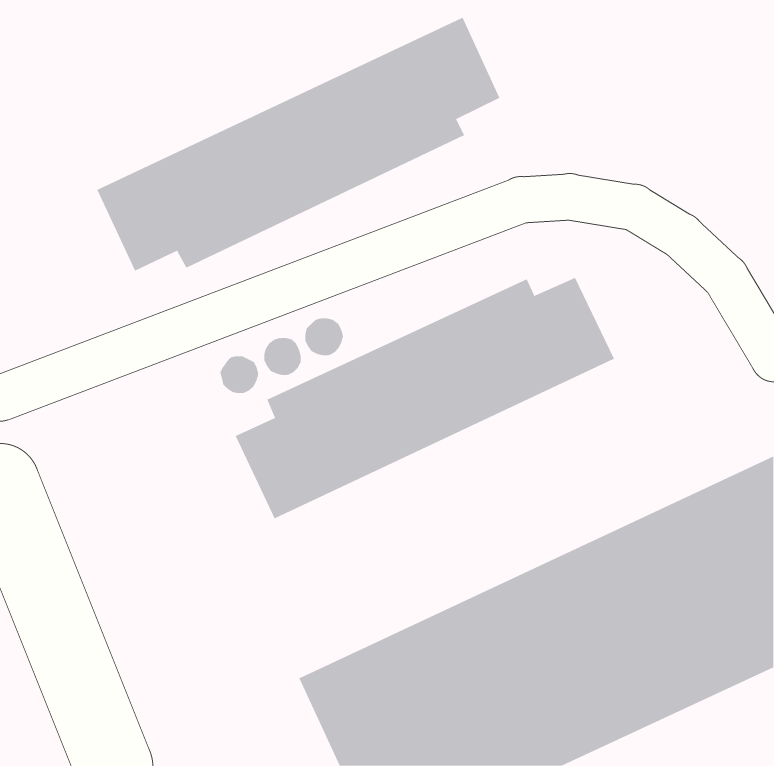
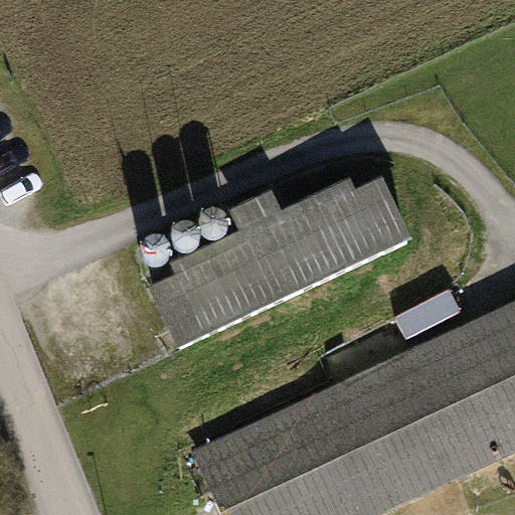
building: [96,17,500,272] -> none

